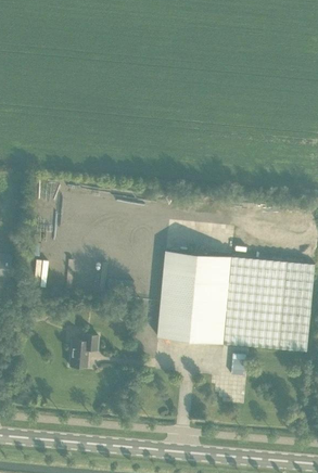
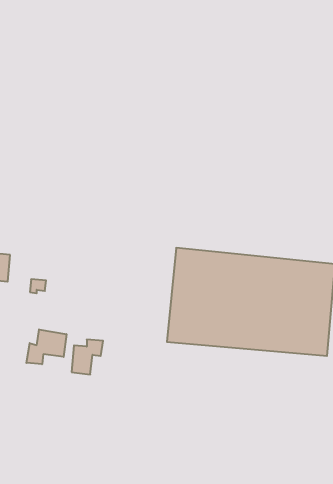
building: none -> [26,329,66,364]

